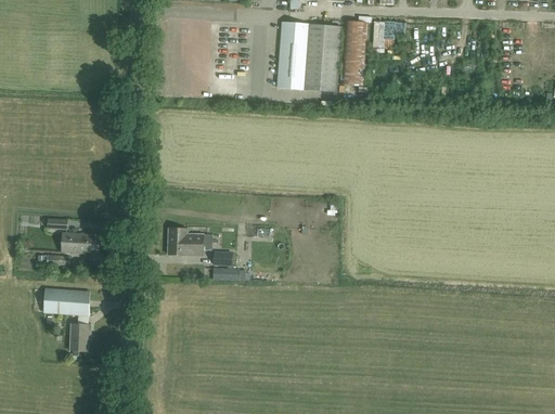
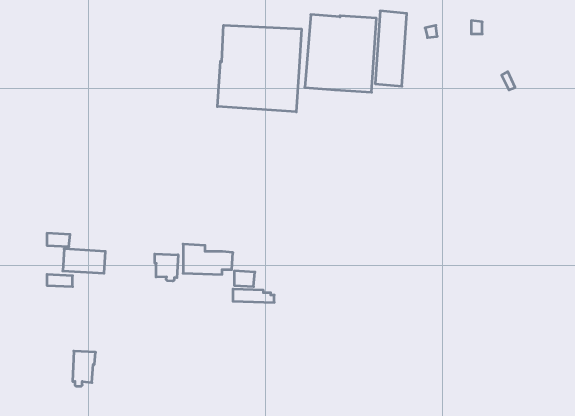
building: none -> [217,25,301,112]
building: none -> [155,254,178,281]
building: [43,287,89,313] -> none

